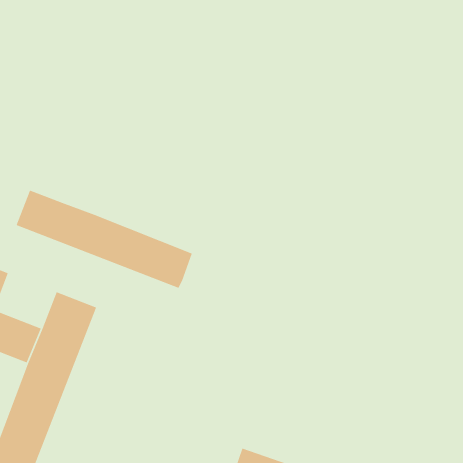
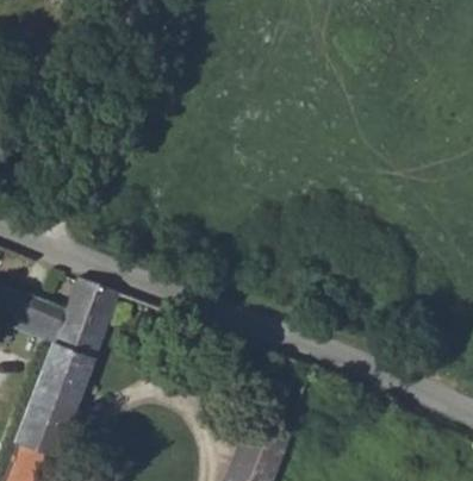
building: [16,190,193,289] -> none

